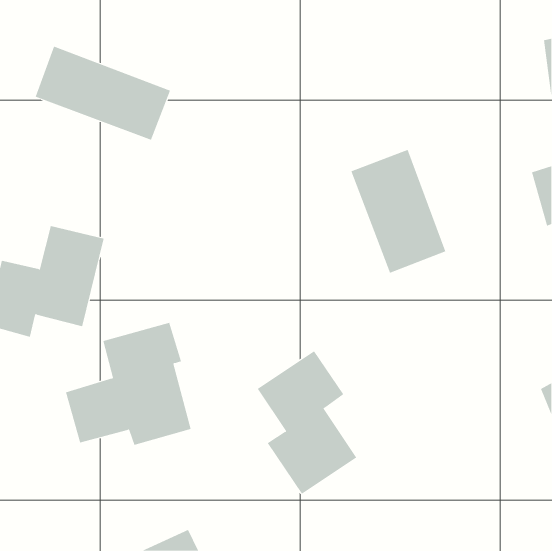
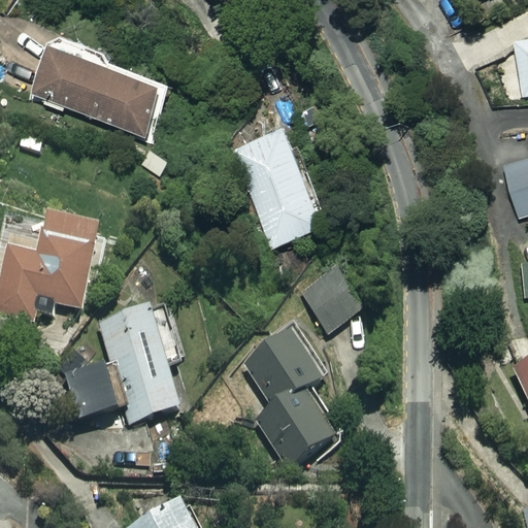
building: [350,149,446,273] -> [233,126,324,243]
building: none -> [301,268,362,331]

